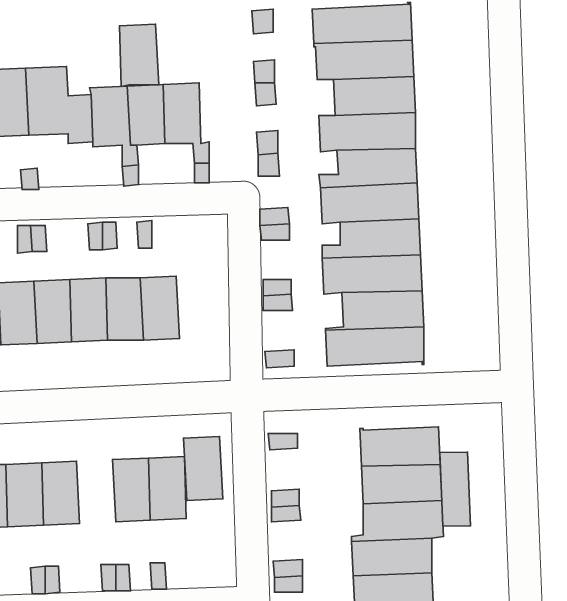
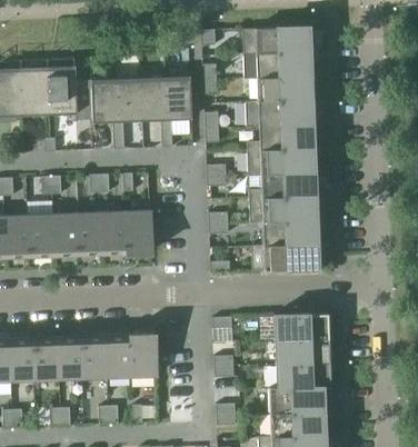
building: [119,24,159,86] -> [166,78,192,120]
building: [184,436,223,500] -> [82,335,109,378]
building: [440,452,471,526] -> none

